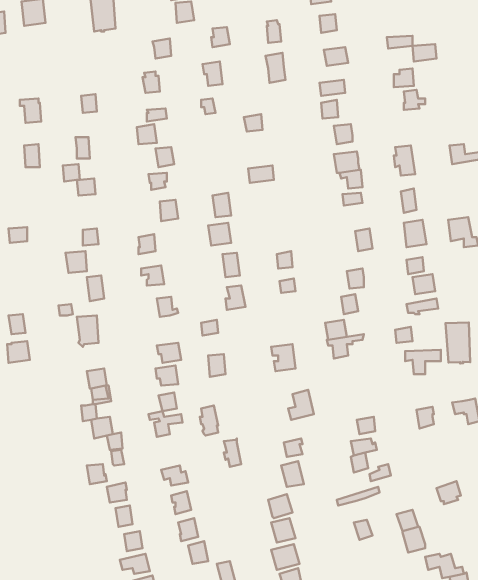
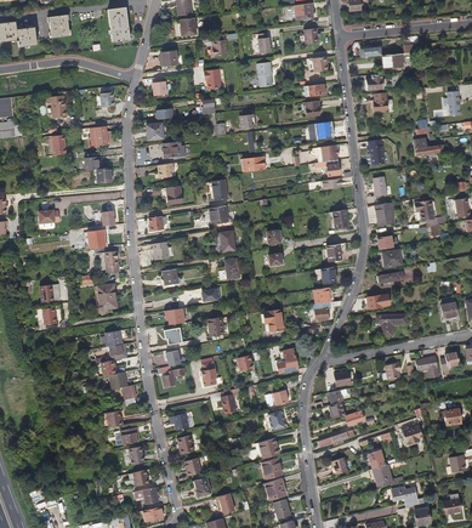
building: [445,323,470,364] -> none

